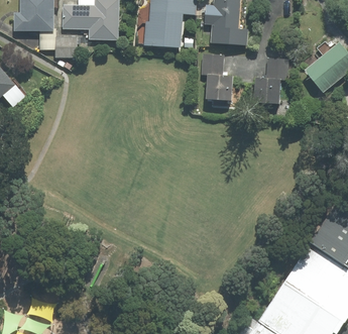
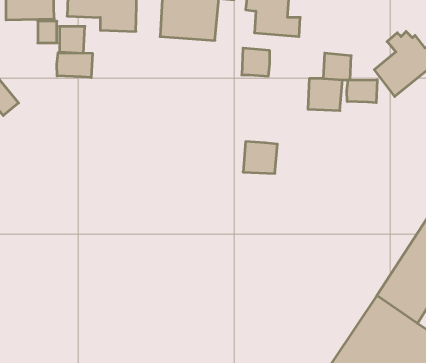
building: none -> [57,53,92,78]
building: [205,75,232,100] -> [243,142,277,173]
building: none -> [347,80,377,103]

